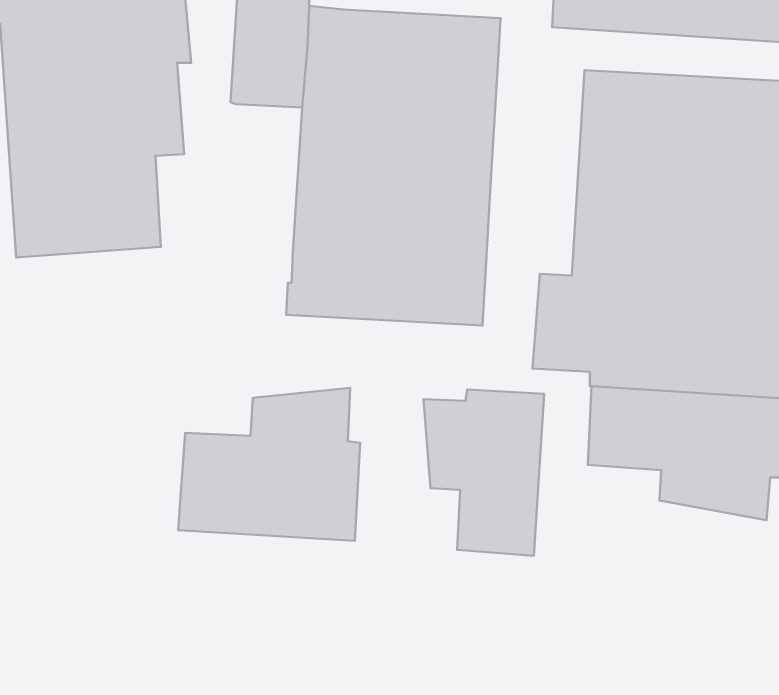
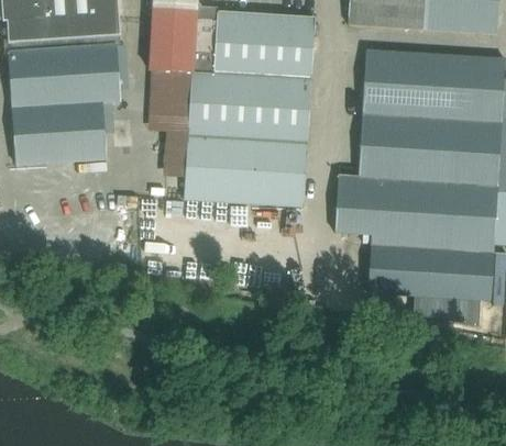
building: none -> [150,69,194,157]
building: [178,388,360,541] -> none
building: [424,389,544,556] -> none

